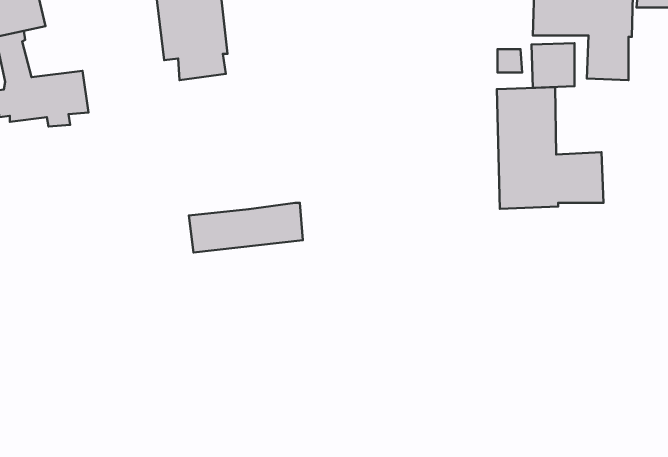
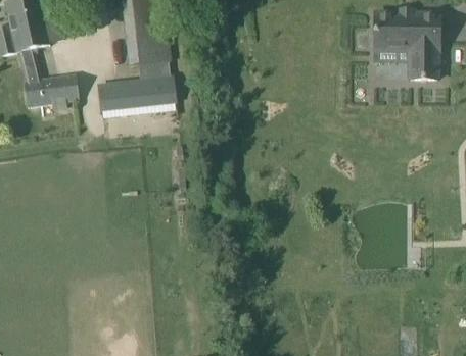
building: [497,87,604,209] -> none
building: [189,203,303,252] -> [99,75,175,108]

